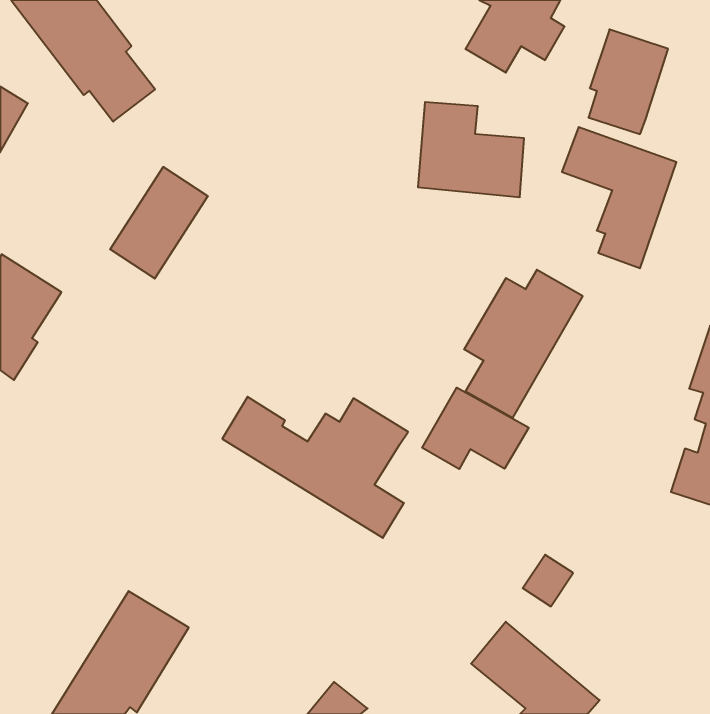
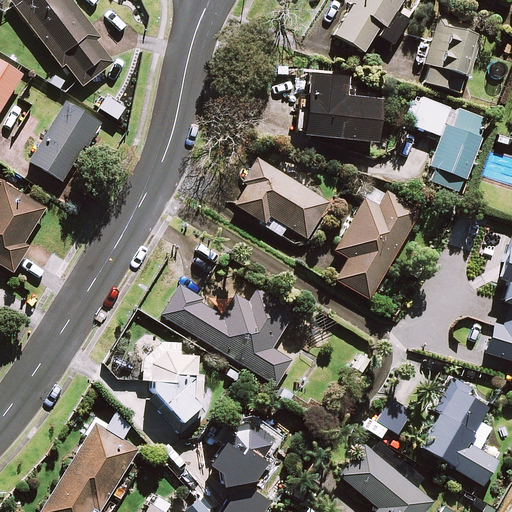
building: [110,167,208,279] -> [31,102,101,182]
building: none -> [230,158,330,239]
building: [422,388,529,469] -> none
building: none -> [141,339,206,436]
building: none -> [420,377,498,487]
building: none -> [216,412,277,473]

